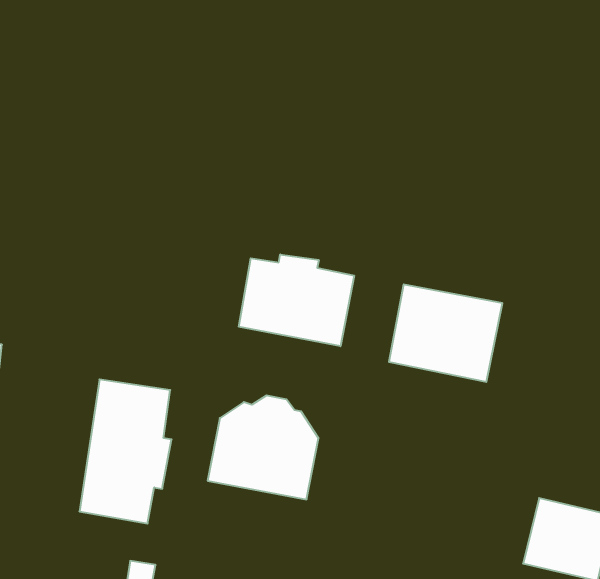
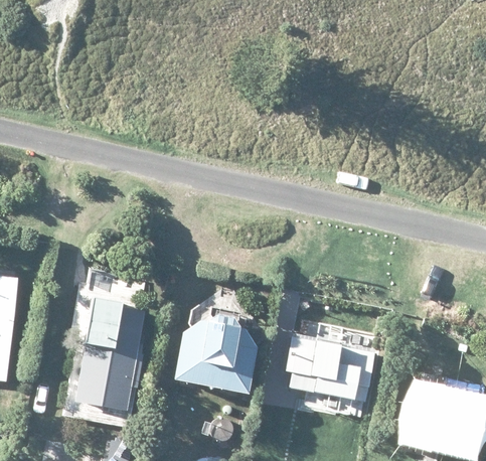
building: [239,254,354,346] -> none
building: [389,284,502,382] -> [283,331,368,405]

